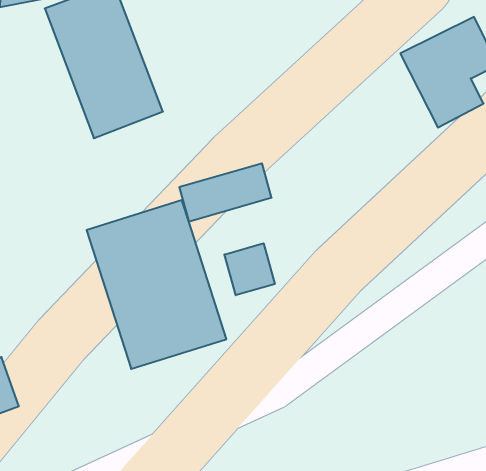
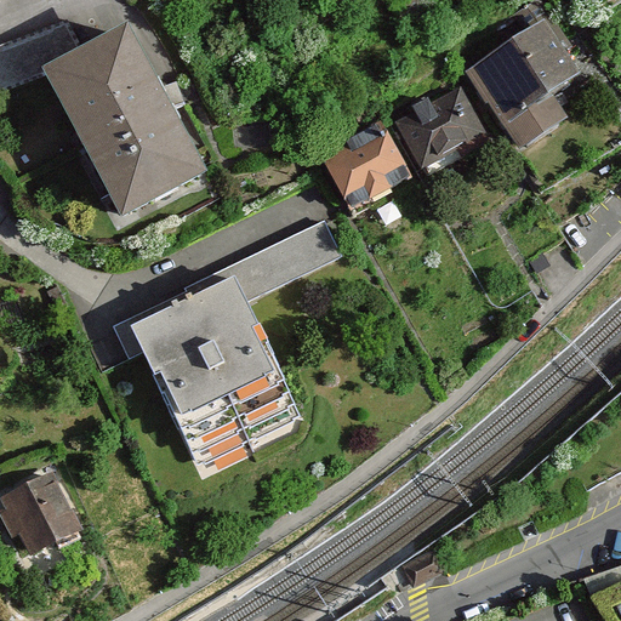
building: none -> [389,82,488,175]
building: none -> [315,120,409,212]
building: [224,243,275,295] -> none

